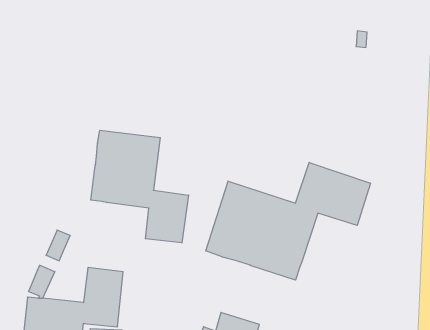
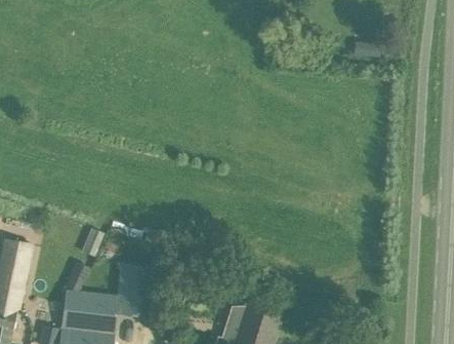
building: [91,130,189,243] -> none
building: [206,162,370,280] -> none

